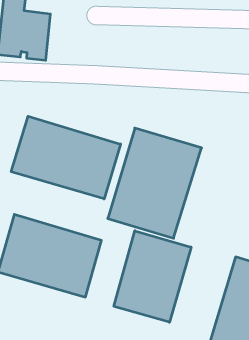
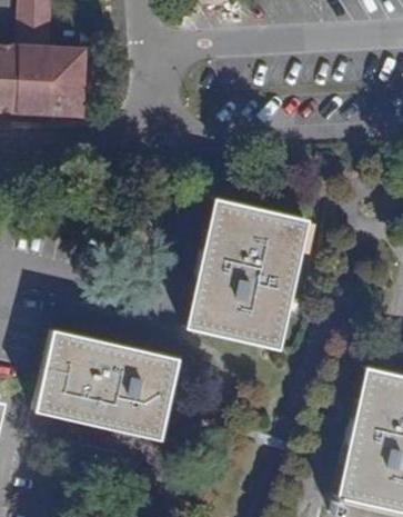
building: [11,116,121,199] -> none
building: [114,231,191,322] -> none

